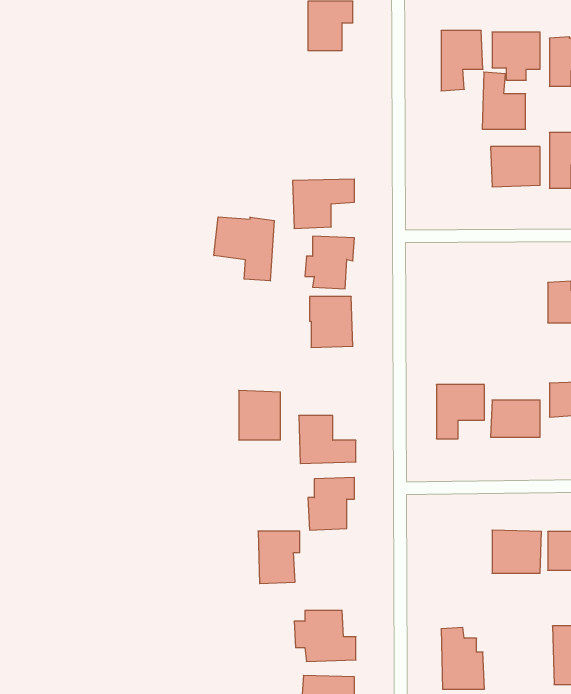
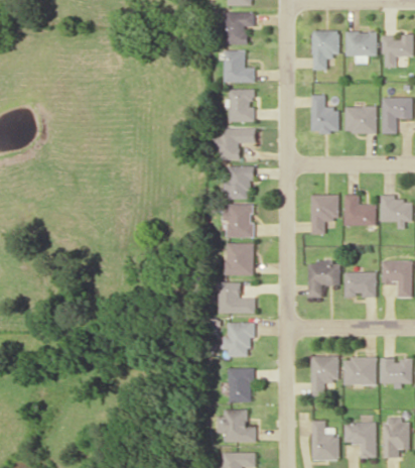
building: none -> [224,50,255,83]
building: [482,72,526,129] -> [310,95,338,132]
building: none -> [229,89,255,122]
building: [214,217,274,281] -> none
building: none -> [310,195,338,234]
building: none -> [343,195,376,226]
building: [239,390,280,440] -> [227,243,254,275]
building: none -> [311,356,339,396]
building: [258,531,300,584] -> [228,368,255,402]
building: none -> [344,423,377,458]

